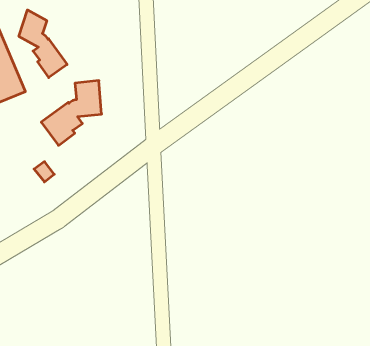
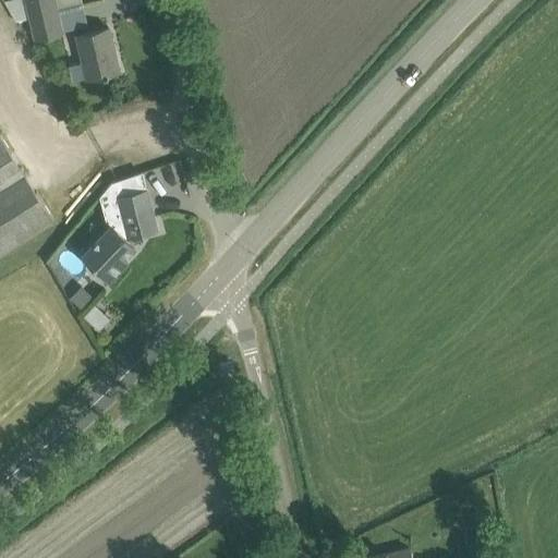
building: [19,10,67,78] -> none

